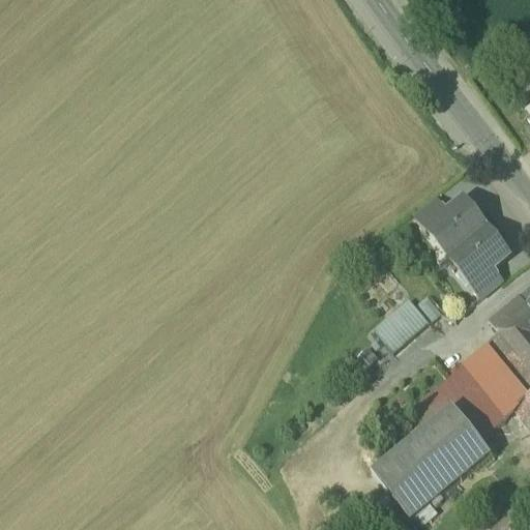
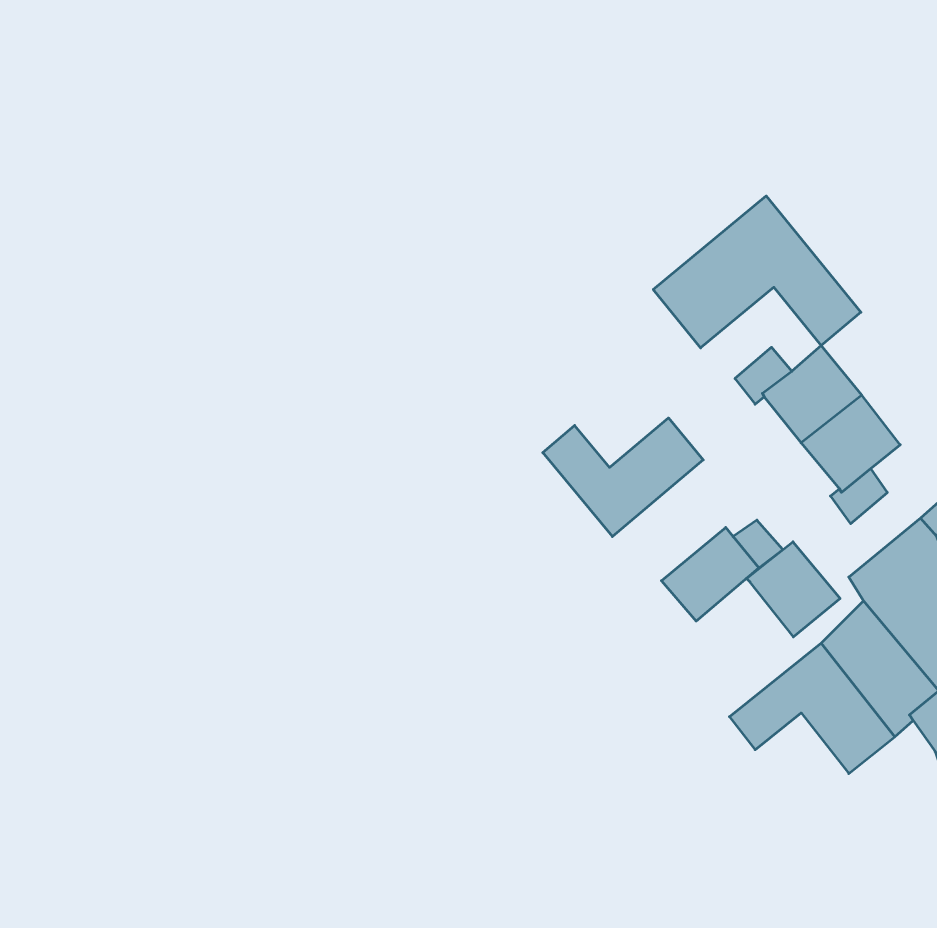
building: none -> [653,196,861,348]
building: none -> [543,418,703,537]
building: none -> [746,542,840,637]
building: [372,405,492,518] -> none

